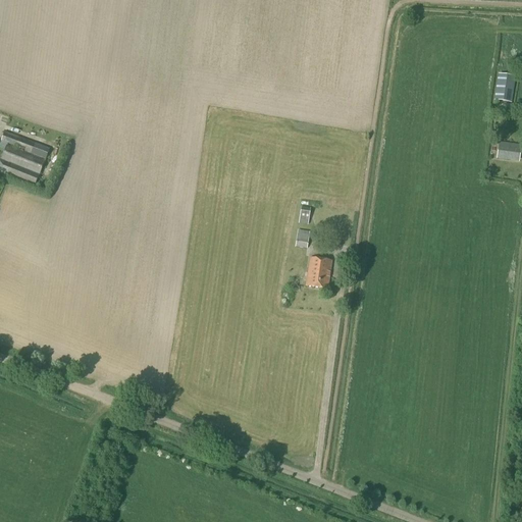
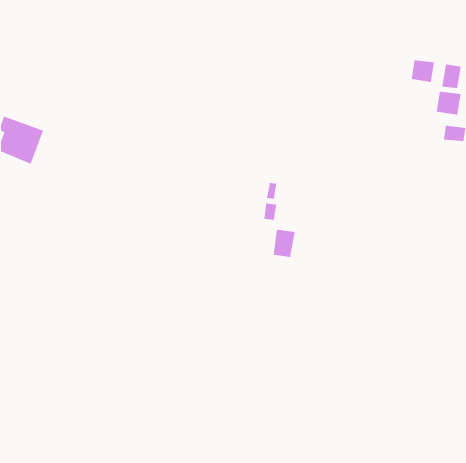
building: none -> [411,60,435,83]
building: none -> [436,91,461,116]

